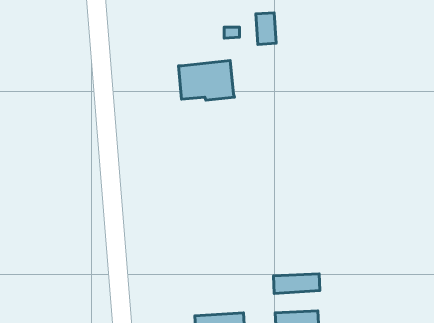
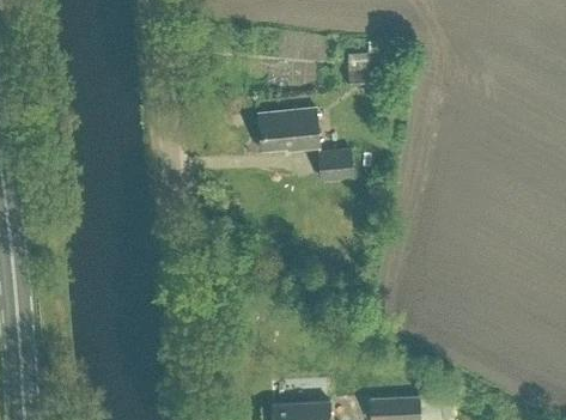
building: none -> [317,148,353,178]
building: [273,274,320,294] -> none

